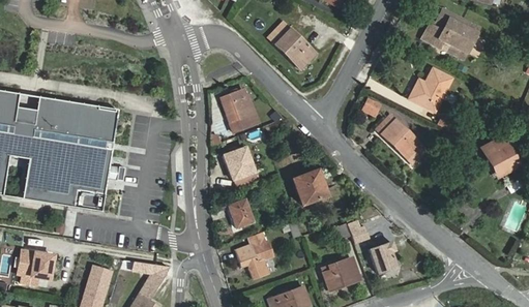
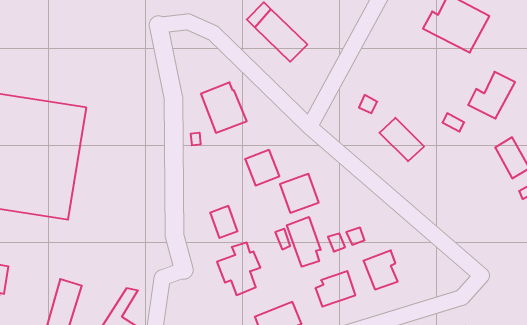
building: [409,68,451,111] -> [468,72,515,119]
building: [223,147,254,179] -> [245,150,279,185]
building: none -> [287,217,321,267]

